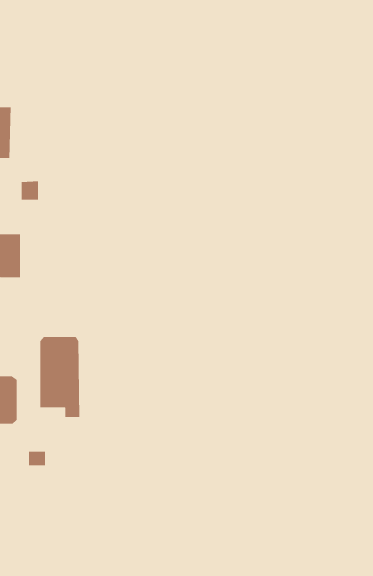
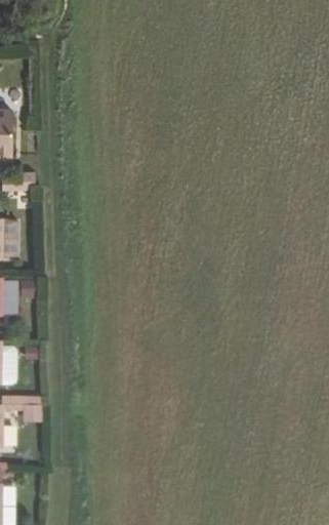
building: [40,336,80,418] -> none

